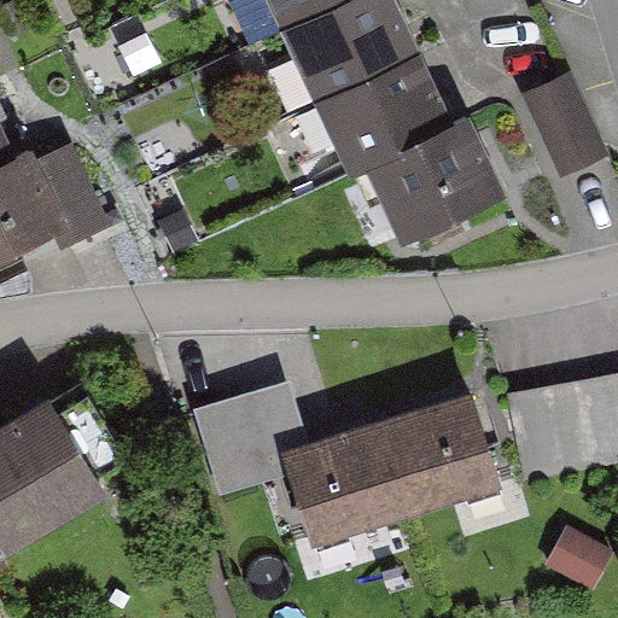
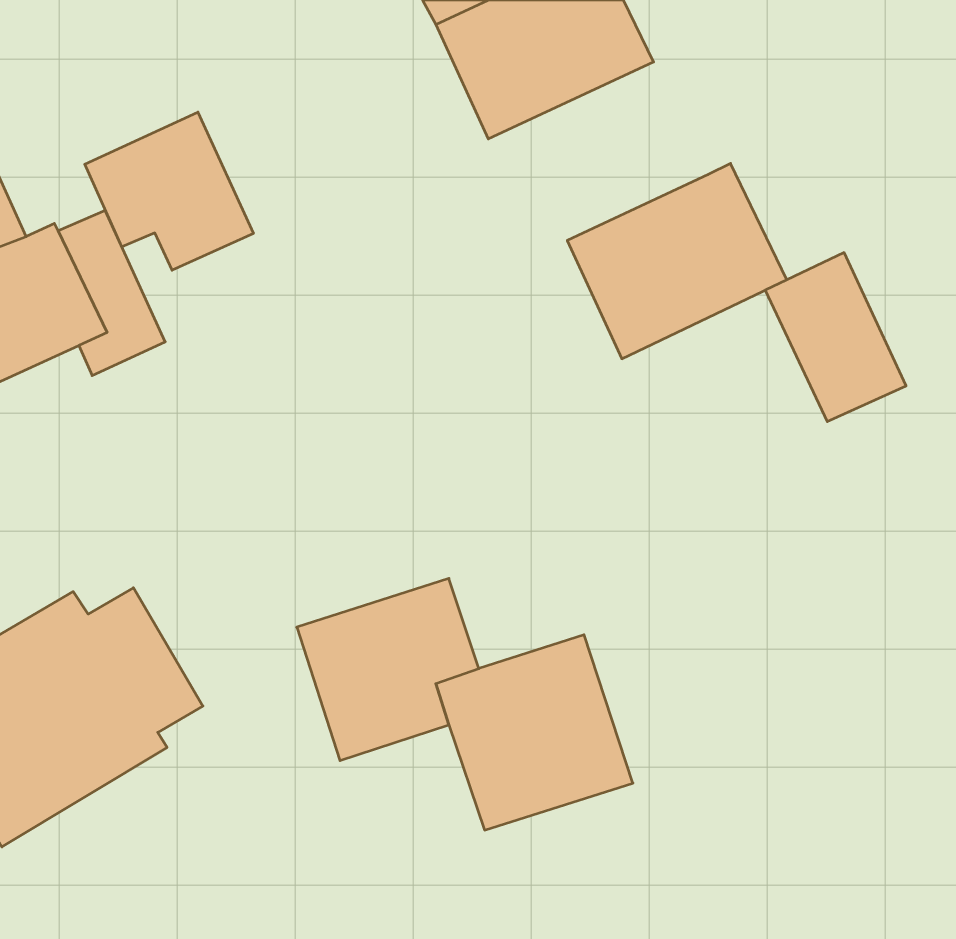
building: [314,53,455,175] -> none
building: [519,77,610,186] -> [765,253,906,422]
building: none -> [85,112,253,270]
building: [375,391,502,517] -> none

